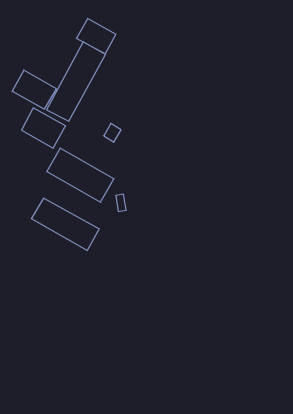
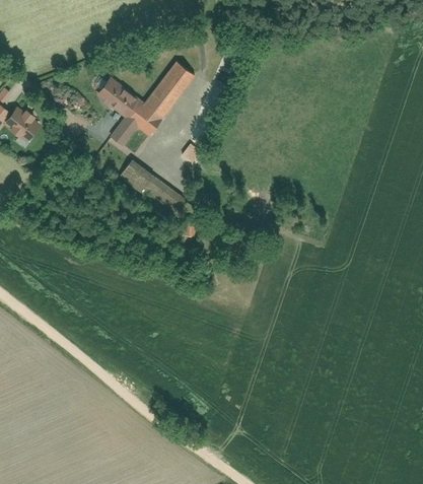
building: [76,18,116,54] -> none
building: [32,198,99,251] -> none

